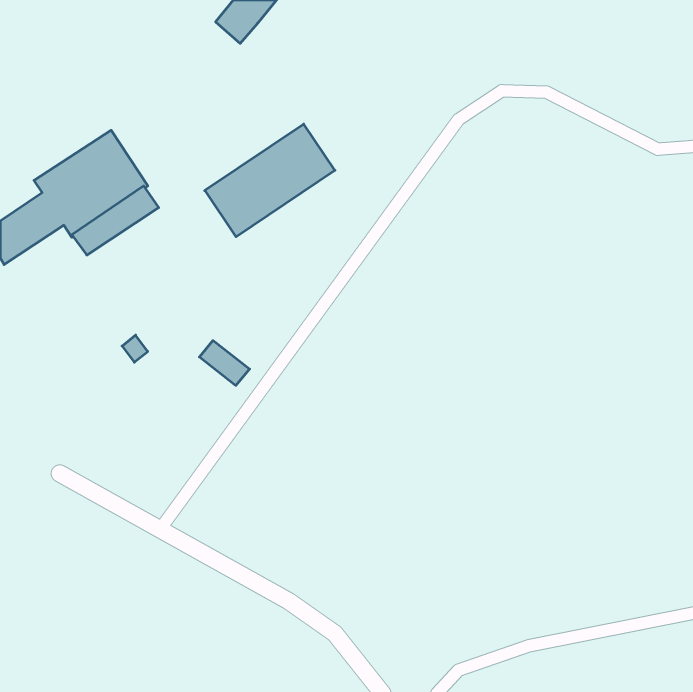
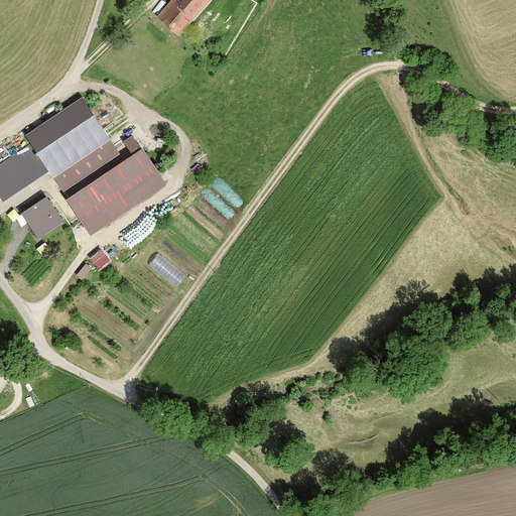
building: [205,124,335,237] -> [69,150,165,234]
building: none -> [22,198,62,238]

